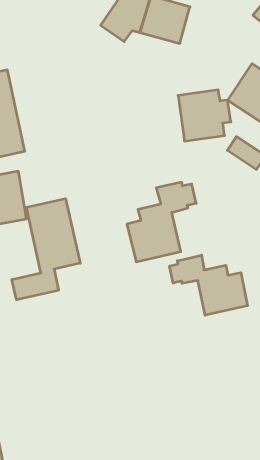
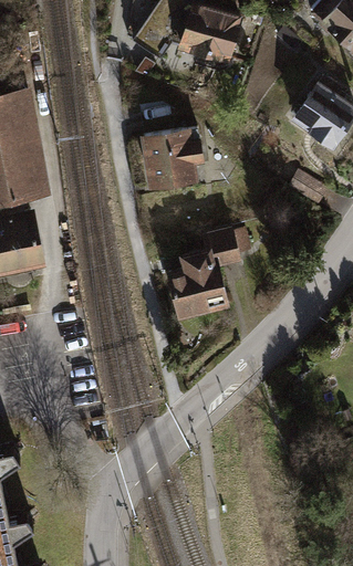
building: [178,90,231,141] -> [141,128,205,190]
building: [12,199,80,300] -> none
building: [170,255,248,315] -> none

